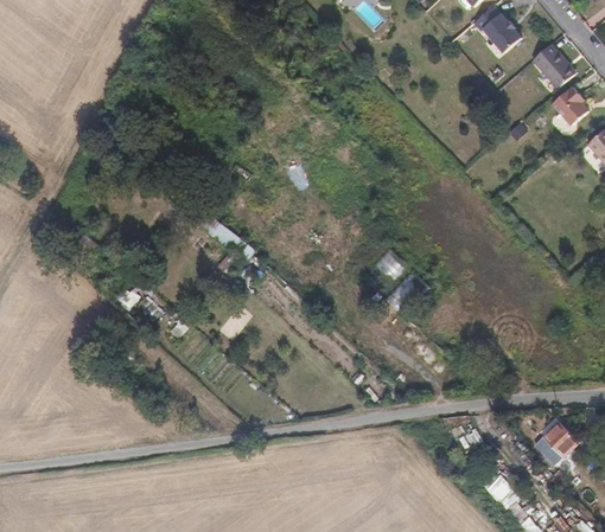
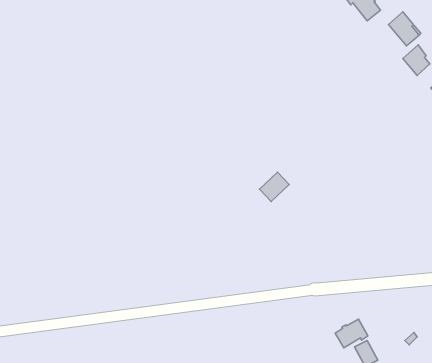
building: [544,423,579,461] -> none
building: none -> [335,319,368,348]

